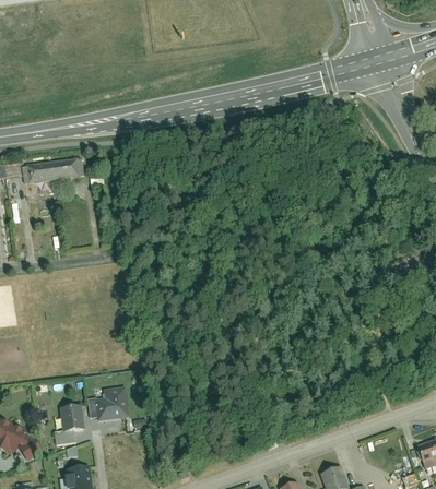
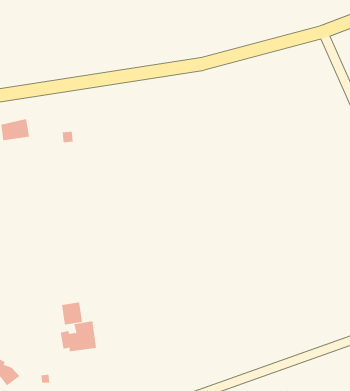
building: [49,158,80,180] -> none
building: [59,406,83,432] -> [61,302,83,325]

